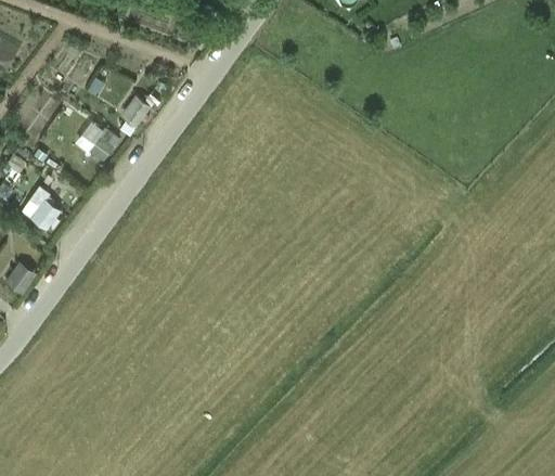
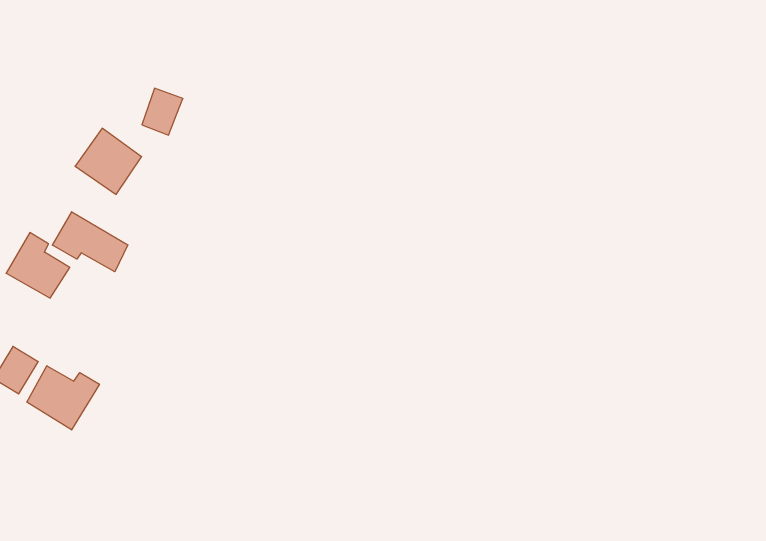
building: none -> [52,212,128,272]
building: none -> [27,366,99,430]

